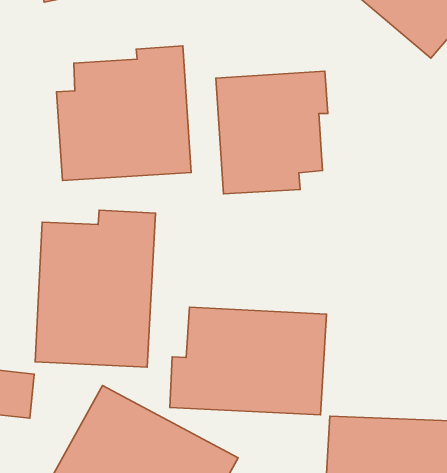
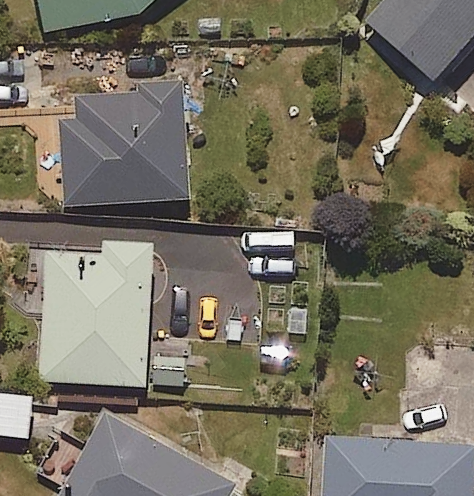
building: [216,71,328,194] -> none
building: [170,307,326,415] -> none

